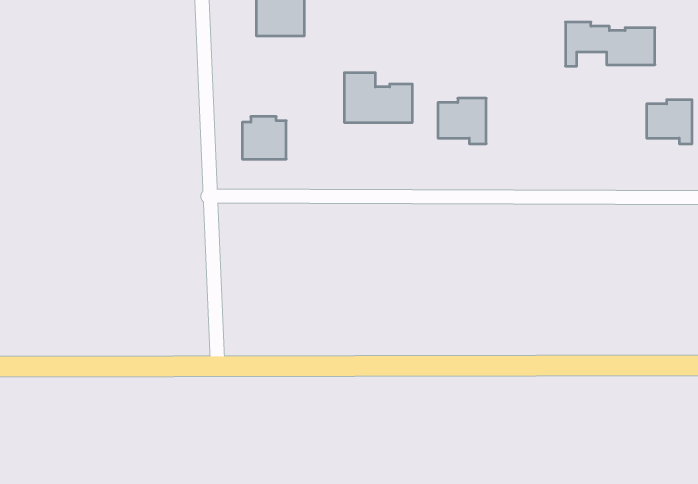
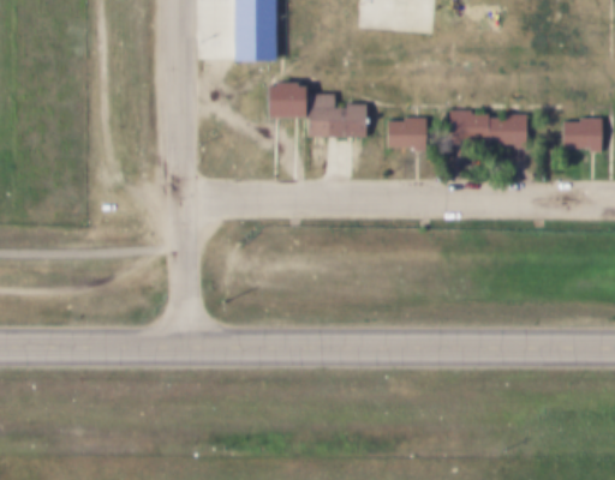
building: [565,22,655,66] -> [450,110,526,148]
building: [242,117,286,159] -> [268,80,305,116]

